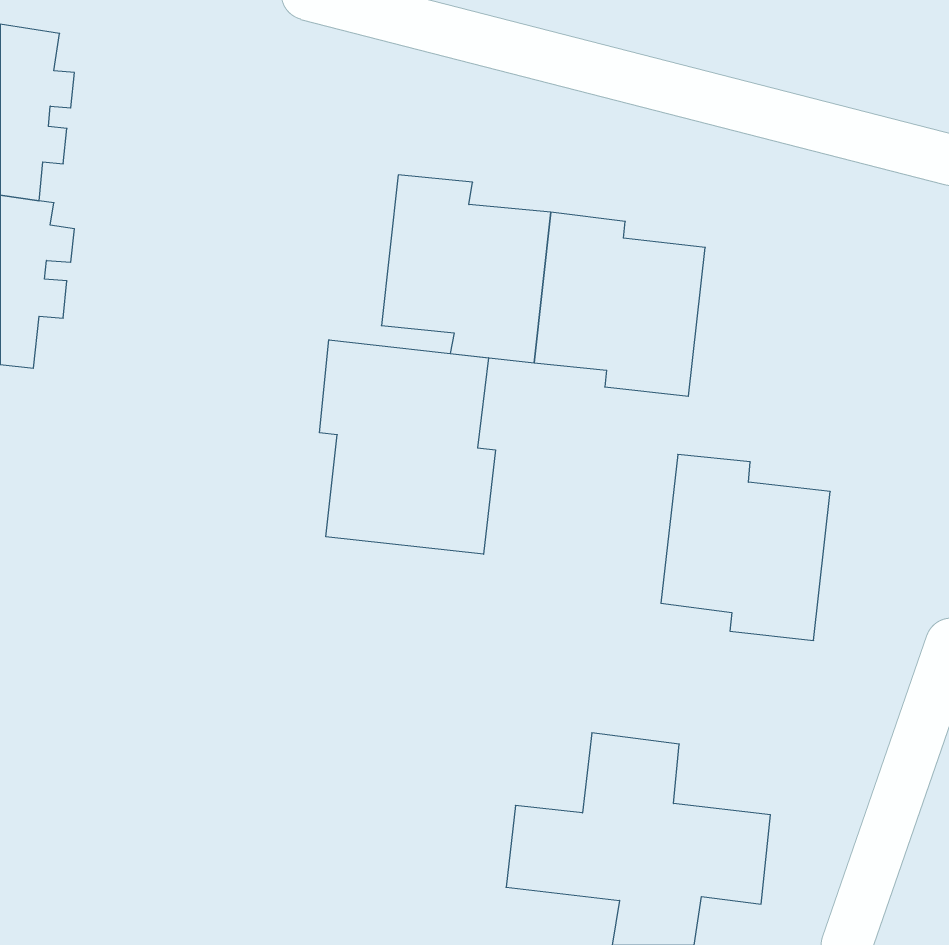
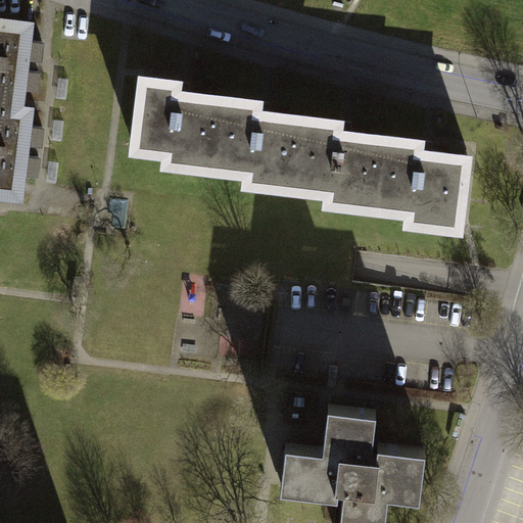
building: none -> [127,75,220,179]
building: [320,340,495,554] -> none
building: [661,454,830,640] -> [379,136,472,238]

